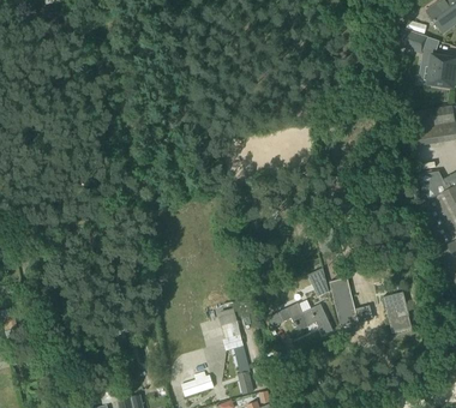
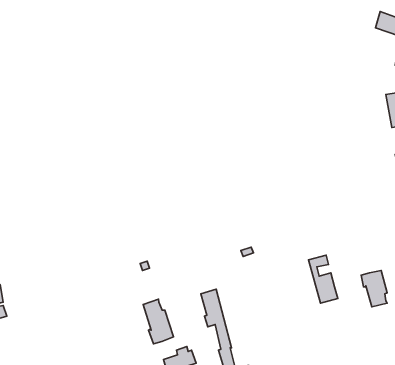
building: [280,271,332,335] -> none
building: none -> [143,299,173,344]

